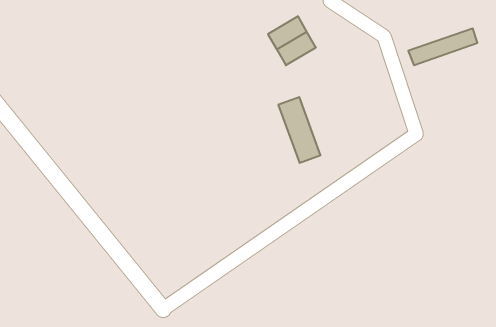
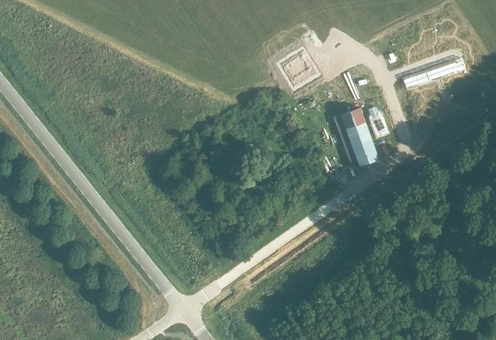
building: [278,97,321,163] -> [339,107,377,166]

